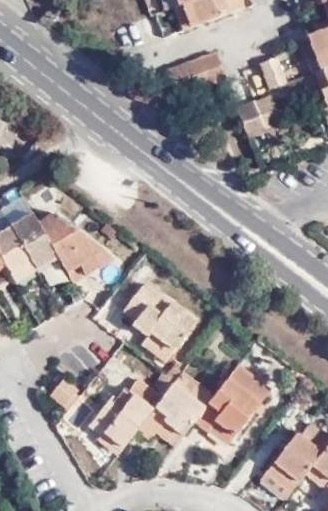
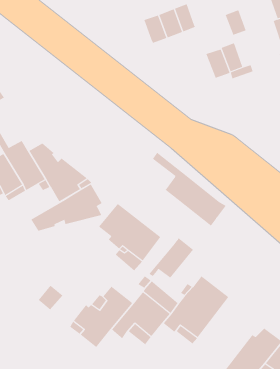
building: none -> [152,152,226,227]
building: none -> [30,184,102,231]
building: none -> [148,237,194,279]

